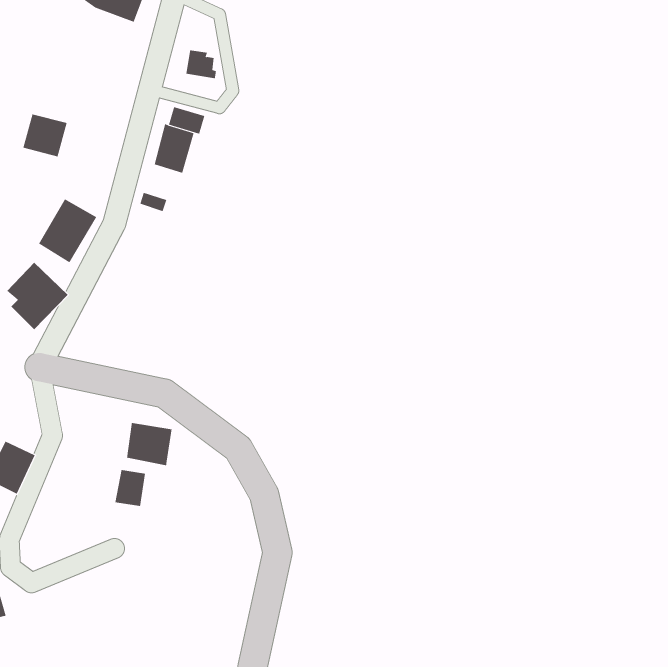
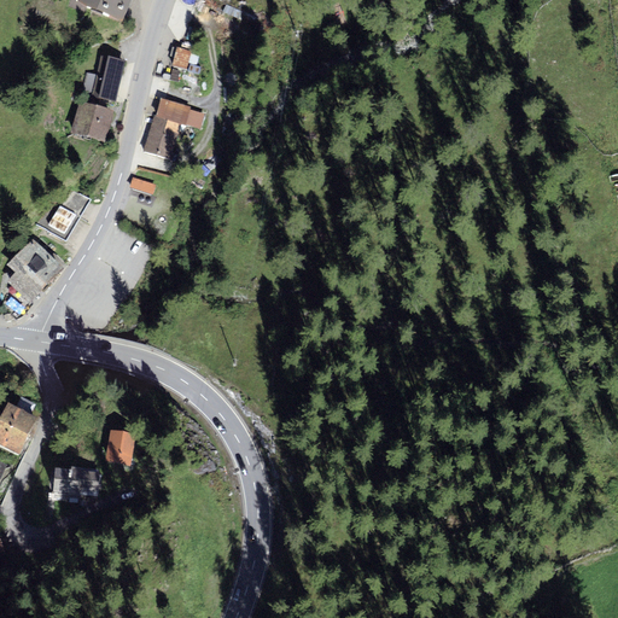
building: none -> [91,56,124,99]
building: [23,114,67,157] -> [72,103,113,142]
building: [127,422,172,466] -> none
building: none -> [51,466,95,492]

